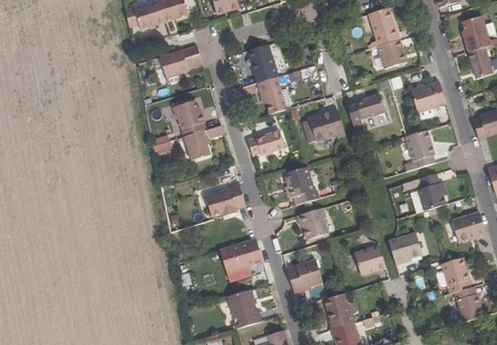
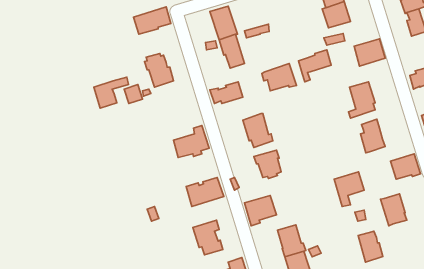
building: [183,124,223,160] -> [94,77,129,108]
building: [353,245,385,274] -> none
building: [455,286,483,321] -> [358,231,383,262]

